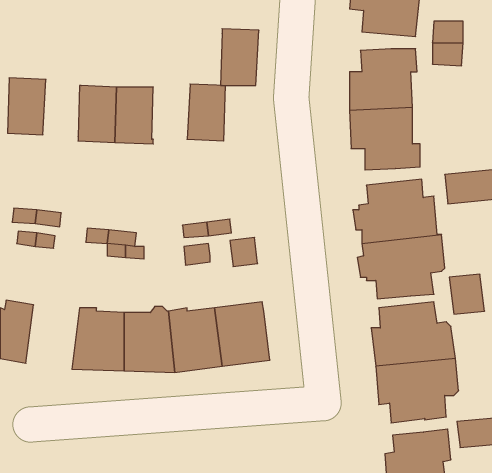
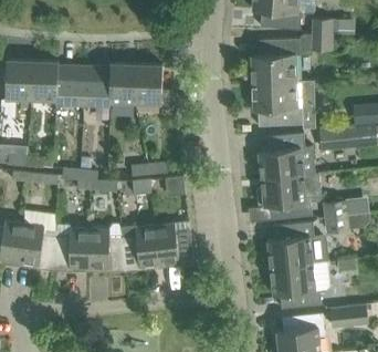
building: [221,29,259,85] -> [109,63,137,104]
building: none -> [31,61,59,102]
building: none -> [19,213,57,270]

